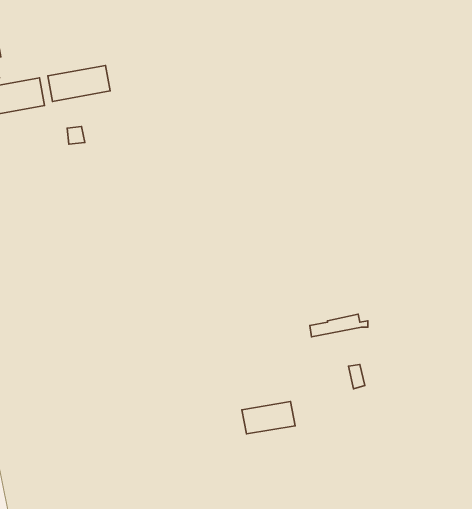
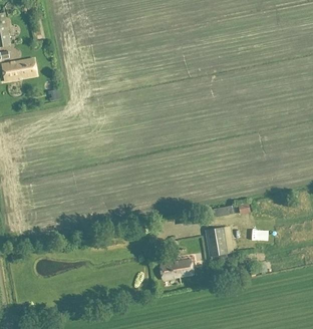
building: [48,65,110,101] -> none
building: none -> [206,227,228,255]

